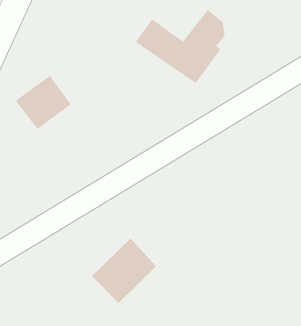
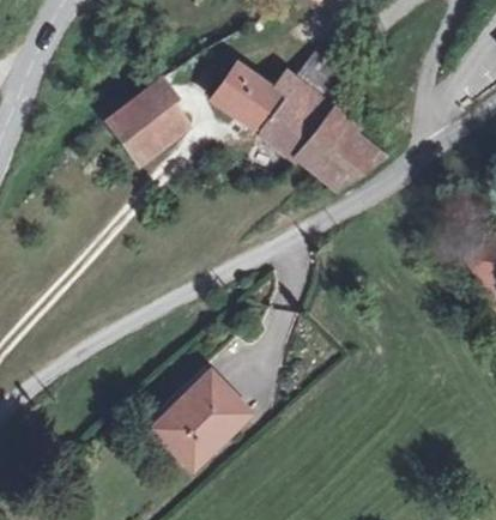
building: none -> [301,110,382,187]
building: [15,75,71,130] -> [107,84,186,161]

